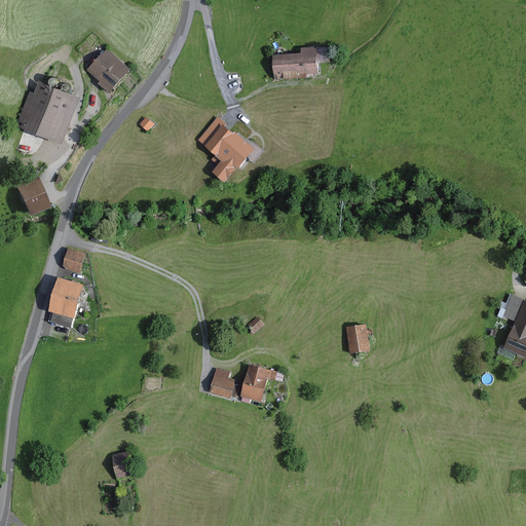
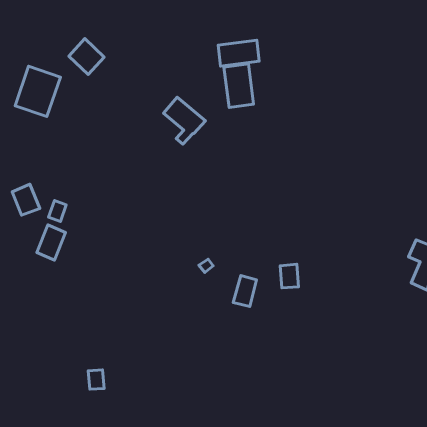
building: none -> [224,64,254,108]
building: [11,175,45,213] -> [12,184,40,215]
building: [238,364,267,402] -> [233,276,257,307]
building: [210,371,236,399] -> none

